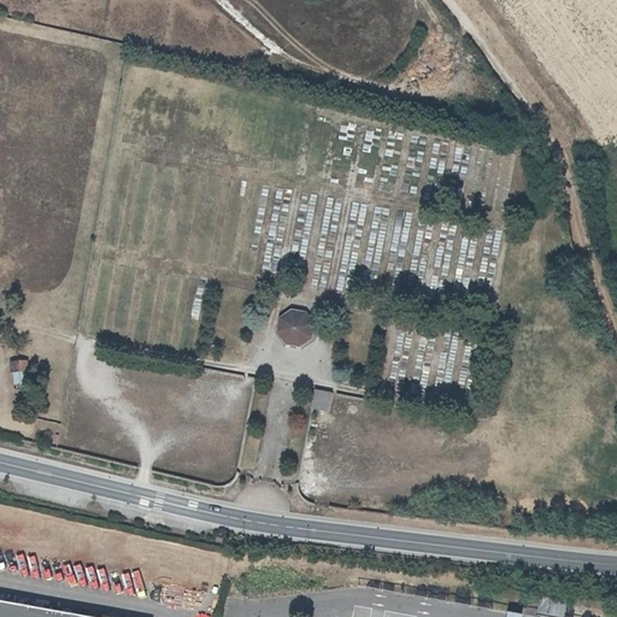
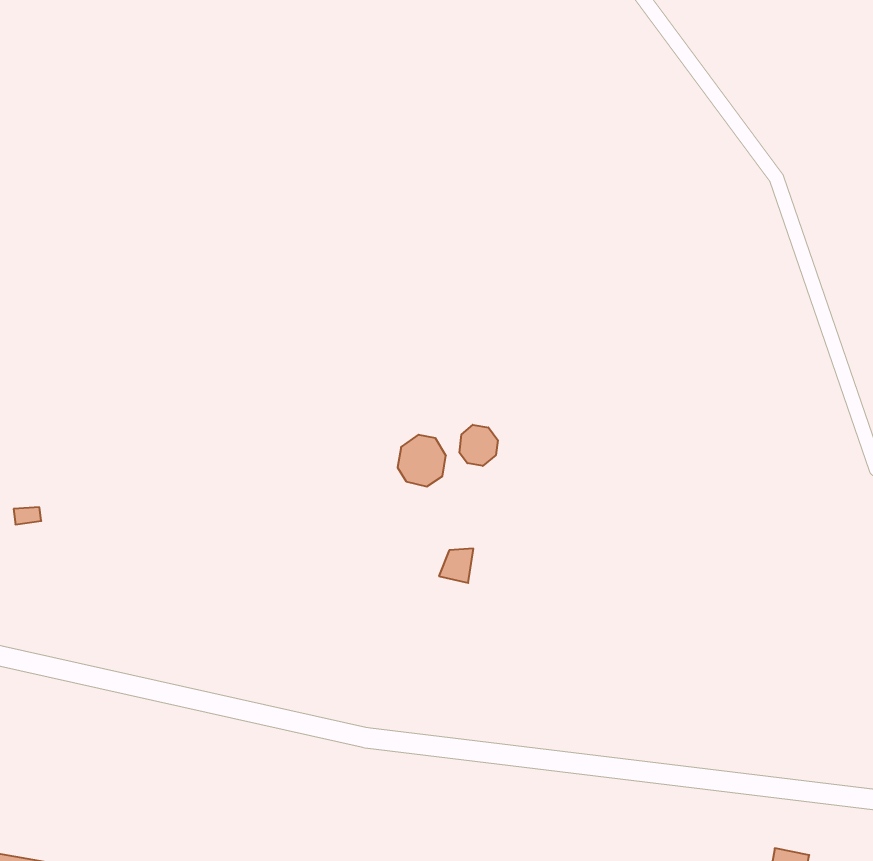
building: none -> [460,425,498,466]

